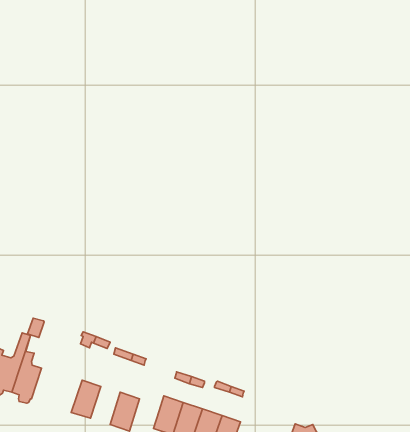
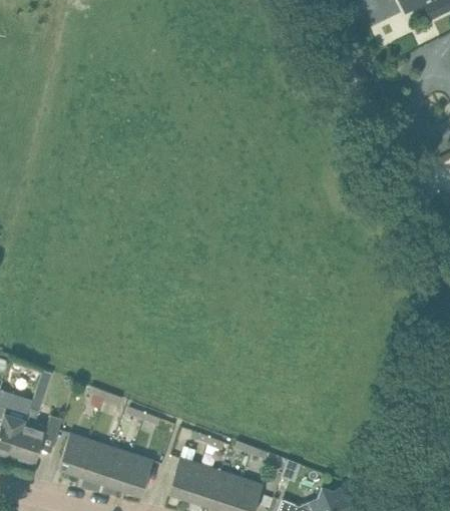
building: none -> [58,434,91,476]
building: none -> [100,448,132,489]

